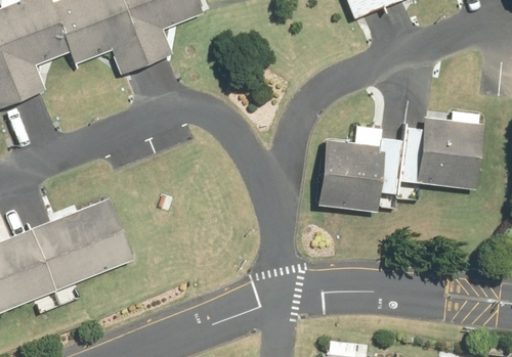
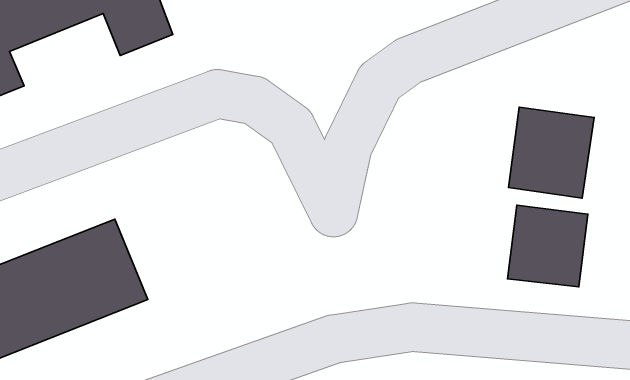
building: [323,141,385,205] -> [508,205,588,287]

